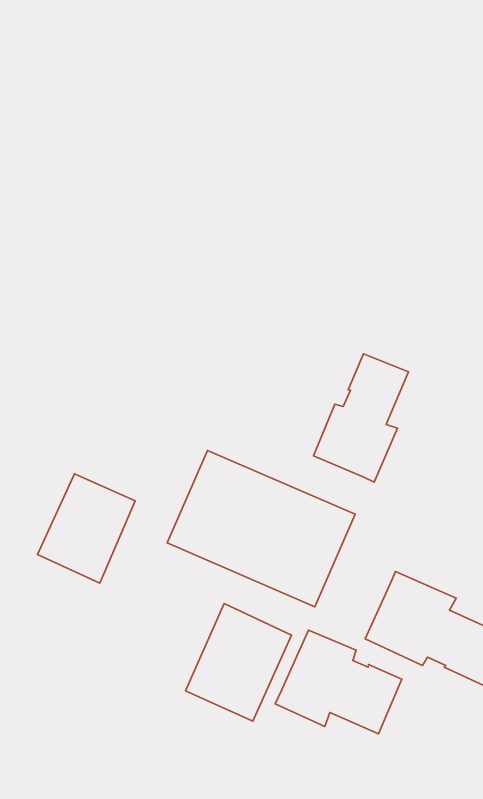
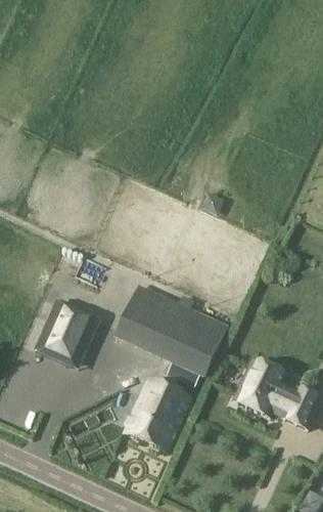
building: [314,354,409,482] -> none
building: [275,630,402,734] -> none

